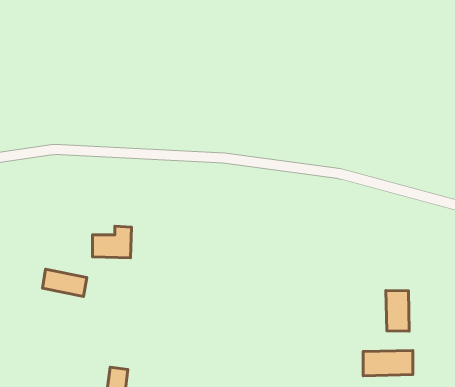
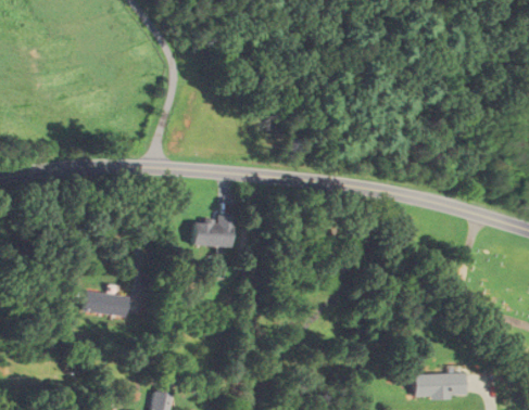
building: [93,226,132,258] -> [191,214,231,246]
building: [386,291,409,331] -> none

